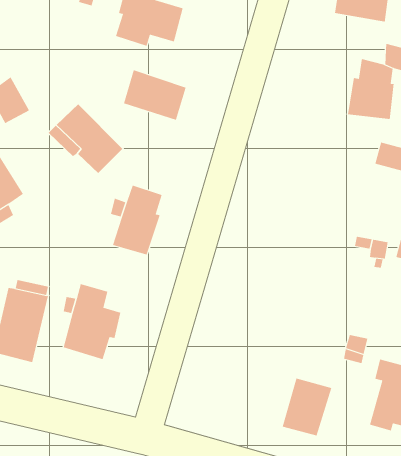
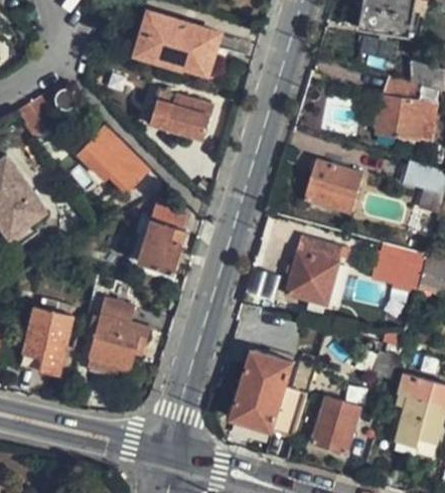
building: none -> [305,162,362,216]
building: none -> [285,238,341,308]
building: none -> [232,351,301,439]

